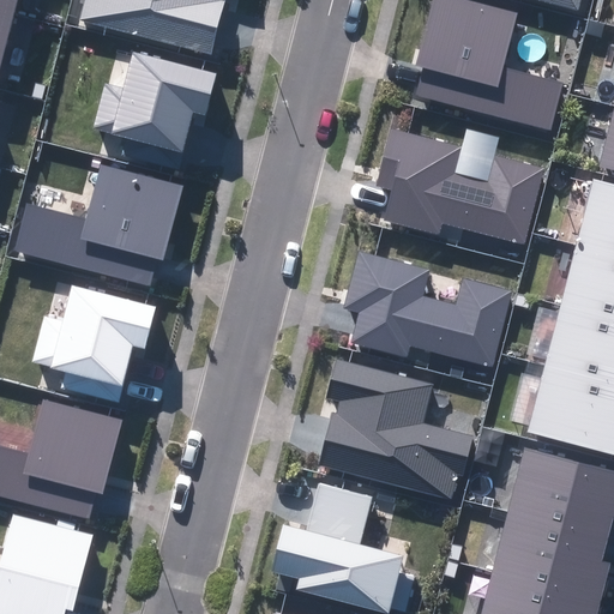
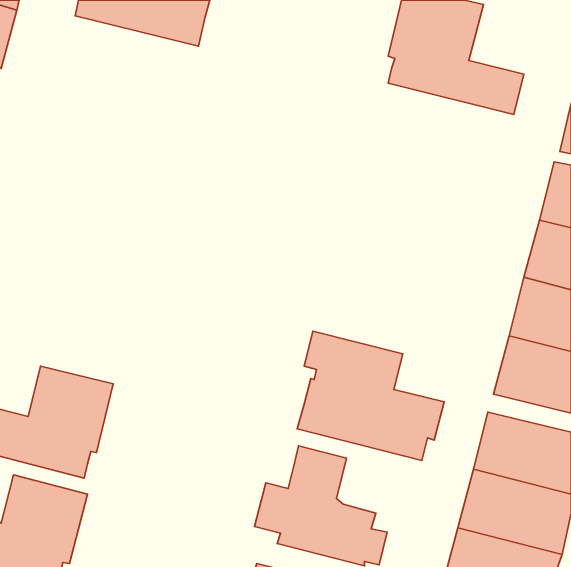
building: [95,53,218,171] -> none
building: [377,131,543,246] -> none
building: [16,165,182,285] -> none
building: [342,252,513,368] -> none
building: [32,284,159,401] -> none

